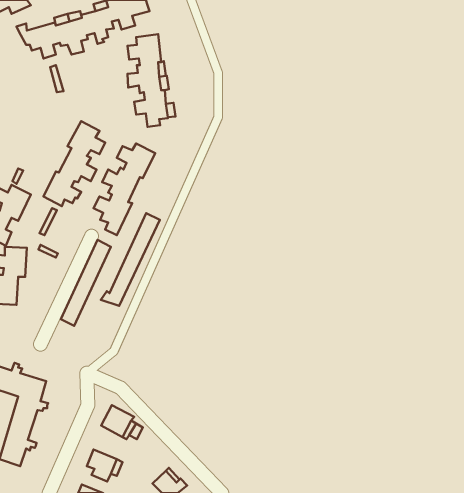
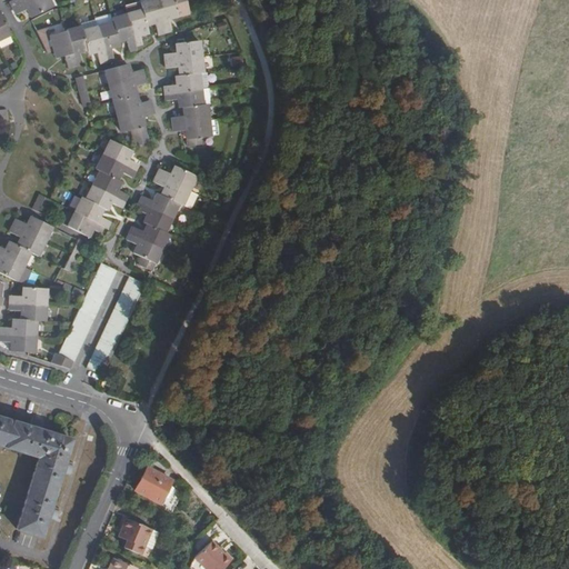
building: none -> [103,63,153,147]
building: [101,213,160,306] -> [48,262,116,369]

